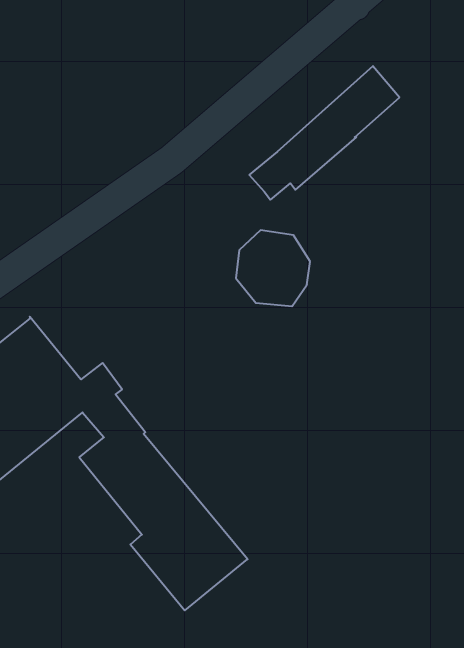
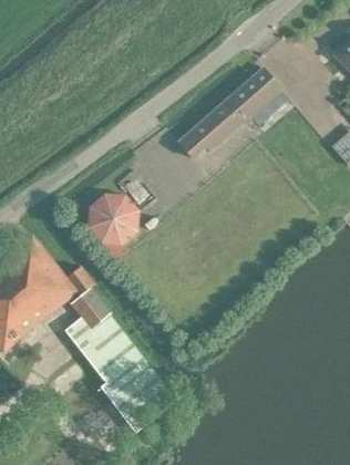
building: [236,230,310,306] -> [87,195,137,246]

